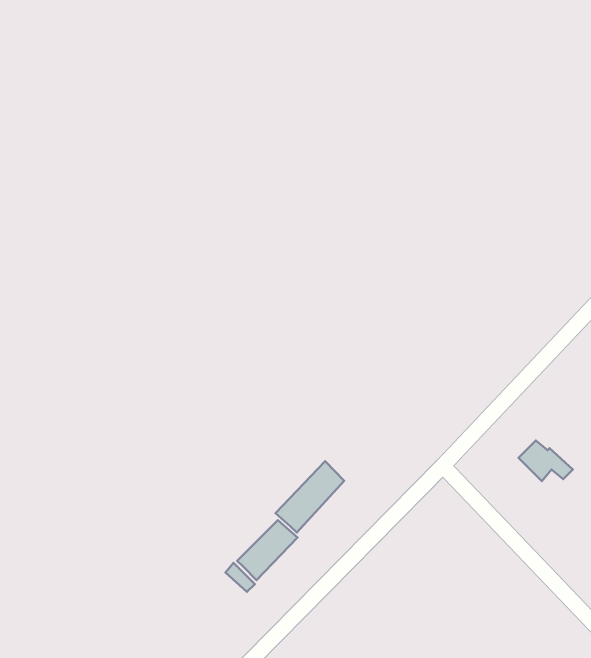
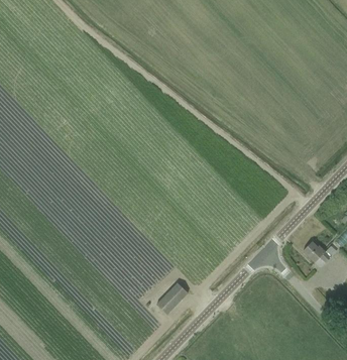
building: [276,461,344,532] -> none

